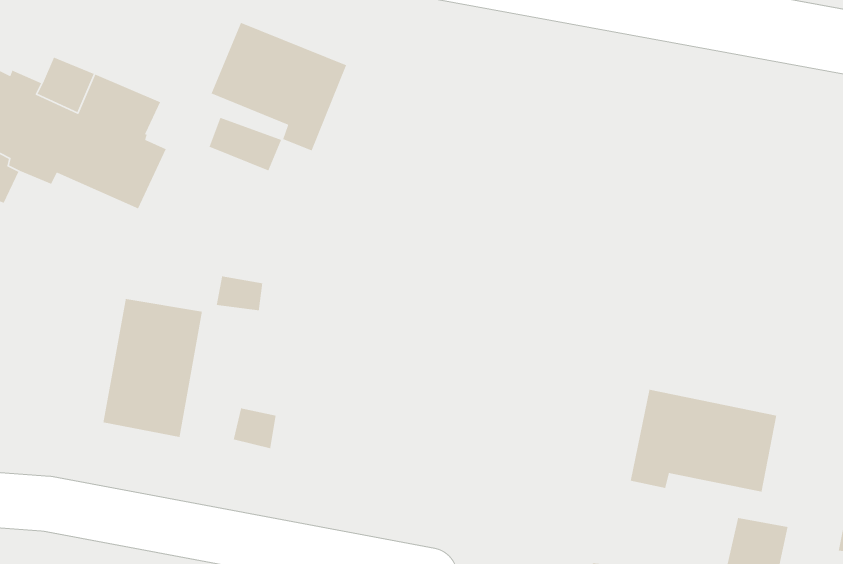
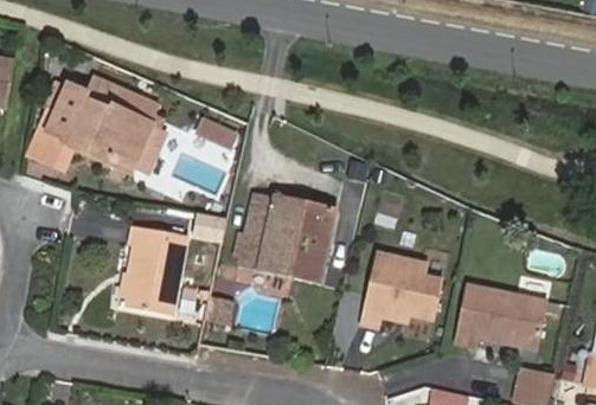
building: [210,22,347,151] -> none
building: none -> [236,194,335,284]
building: none -> [359,252,443,329]

